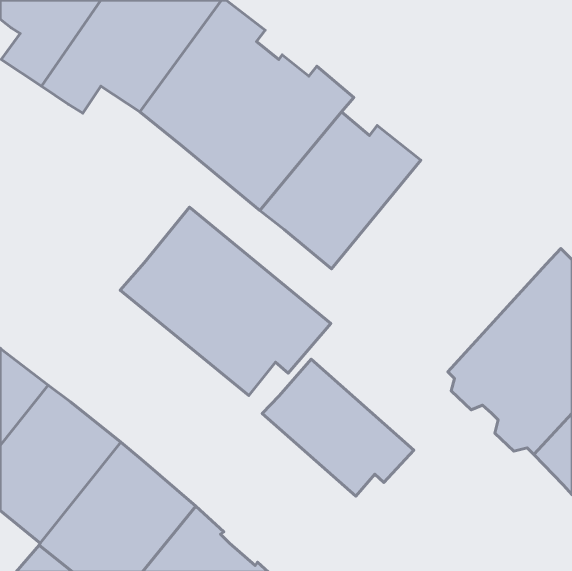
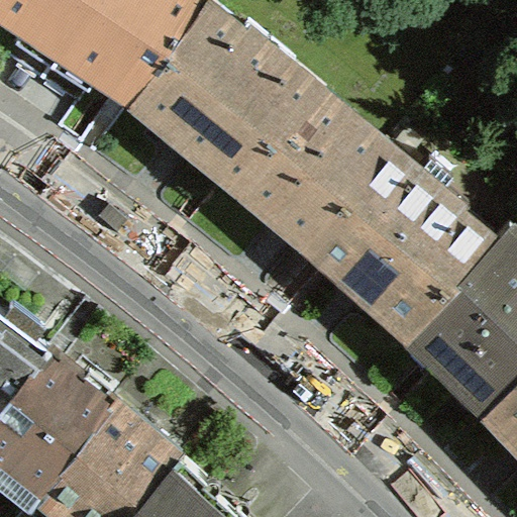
building: none -> [299,141,493,336]
building: [120,207,331,396] -> none
building: [262,359,414,496] -> none

